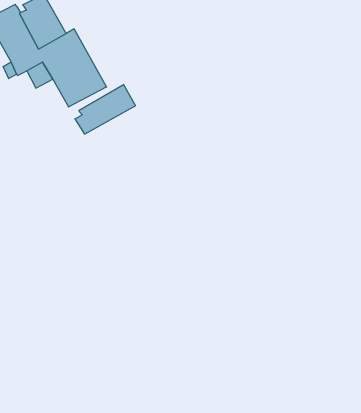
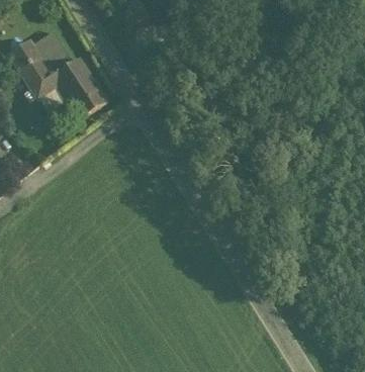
building: [75,85,135,134] -> none

